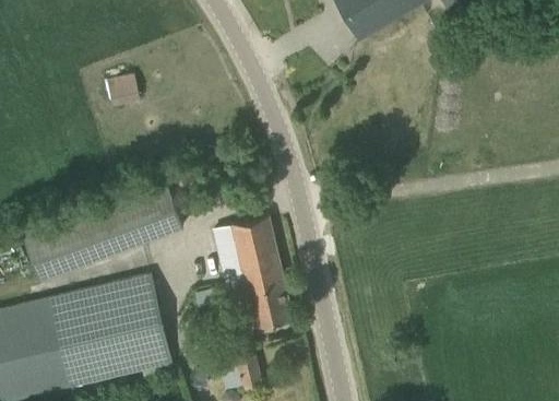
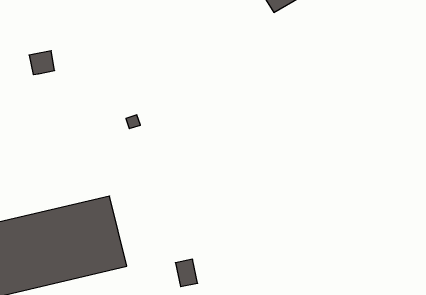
building: [106,74,139,105] -> [29,51,55,75]
building: [214,215,293,331] -> none

